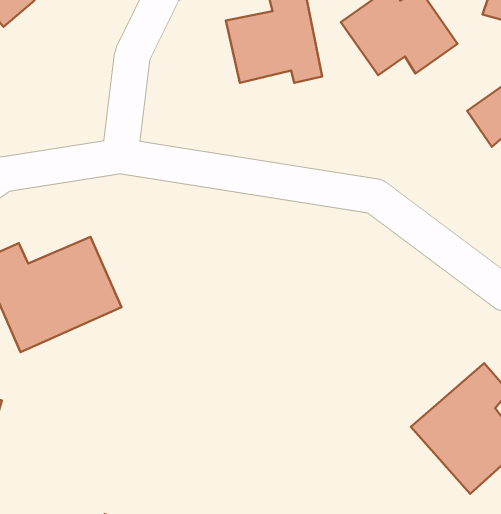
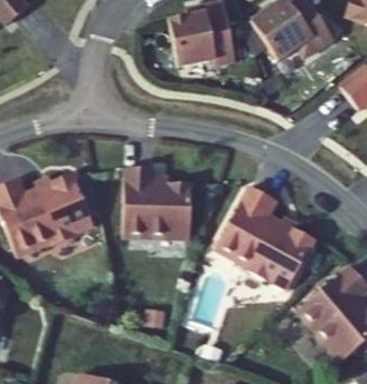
building: none -> [121,165,194,238]
building: none -> [216,186,314,288]

